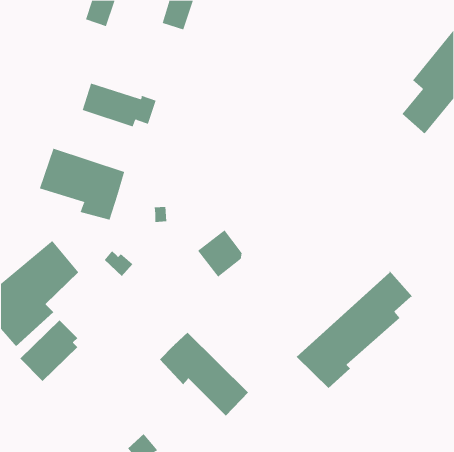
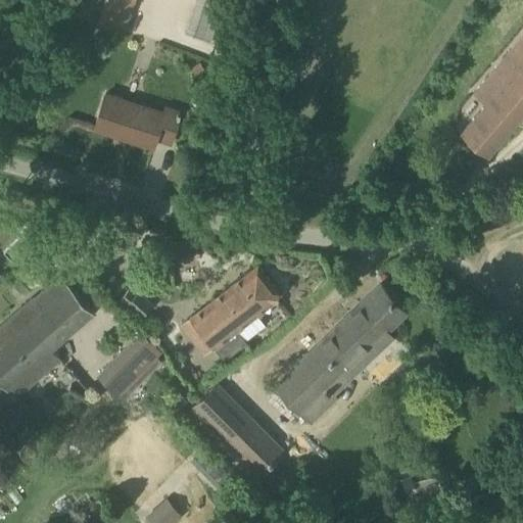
building: [39,148,125,220] -> none
building: none -> [188,291,250,364]
building: [296,271,413,389] -> [272,286,407,422]
building: [19,319,78,382] -> [95,332,162,403]

